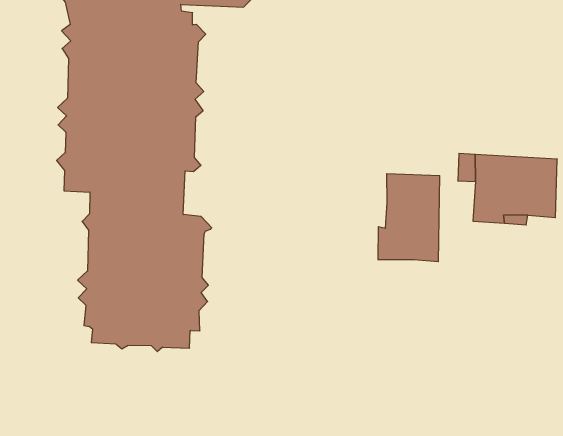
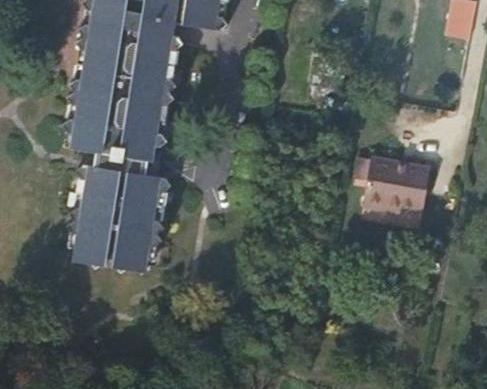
building: [378,174,440,262] -> none

